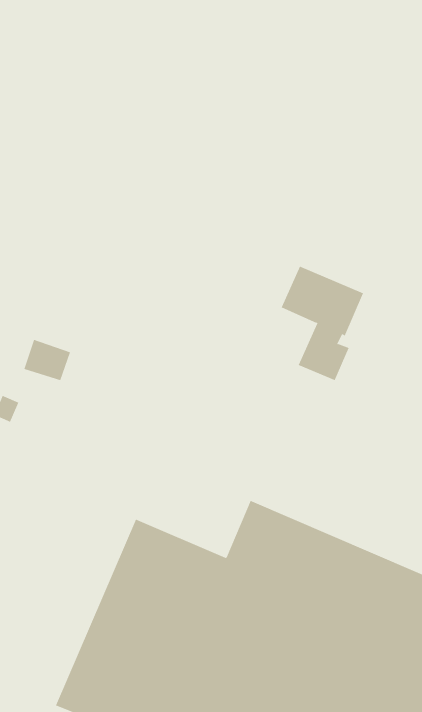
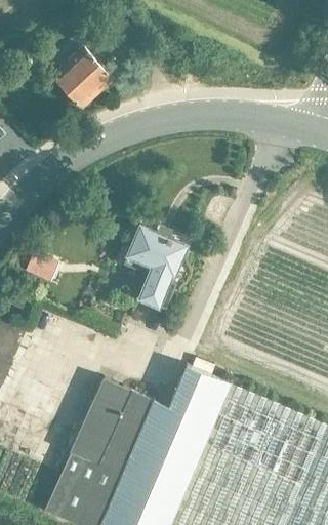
building: none -> [50,45,115,111]
building: [281,266,364,381] -> [125,226,184,308]

